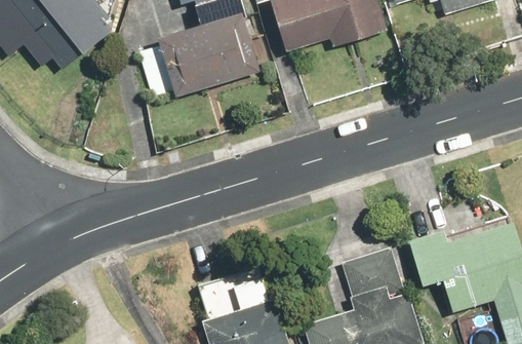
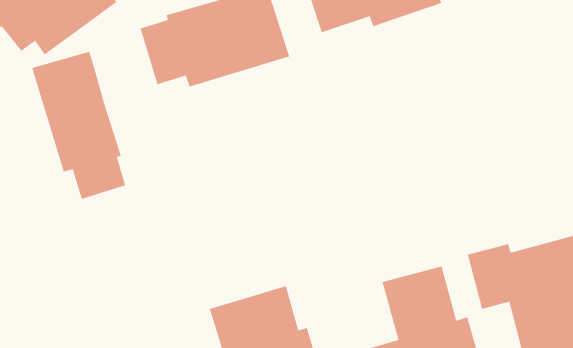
building: none -> [31,51,126,200]

